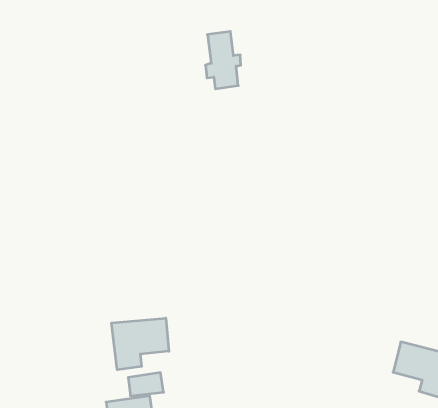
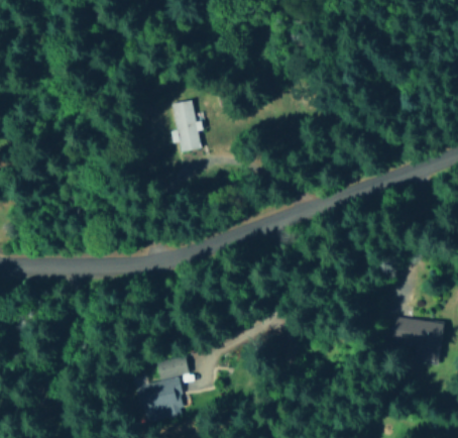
building: [205,31,241,89] -> [171,99,203,150]
building: [112,318,169,370] -> none

